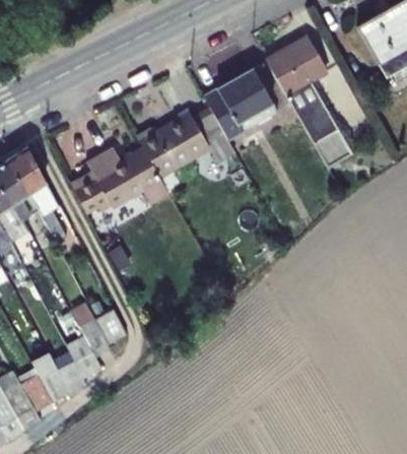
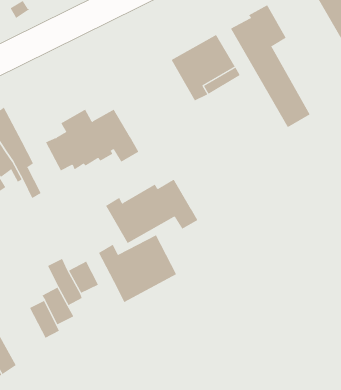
building: [137,108,235,177] -> [105,179,198,244]
building: none -> [98,235,177,303]
building: [31,352,70,400] -> none

